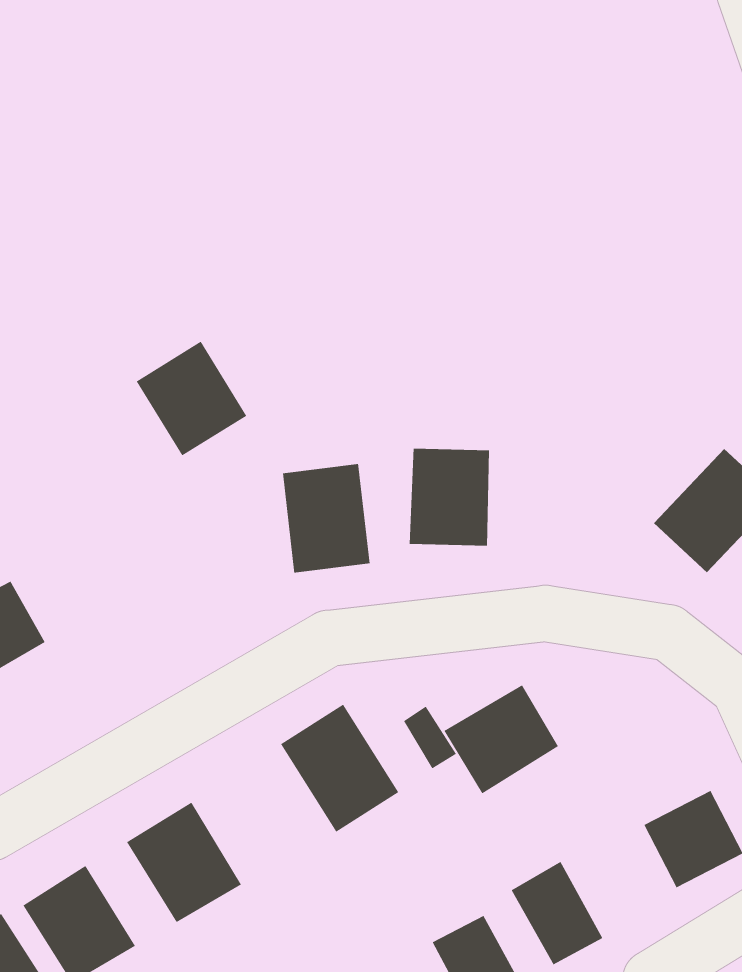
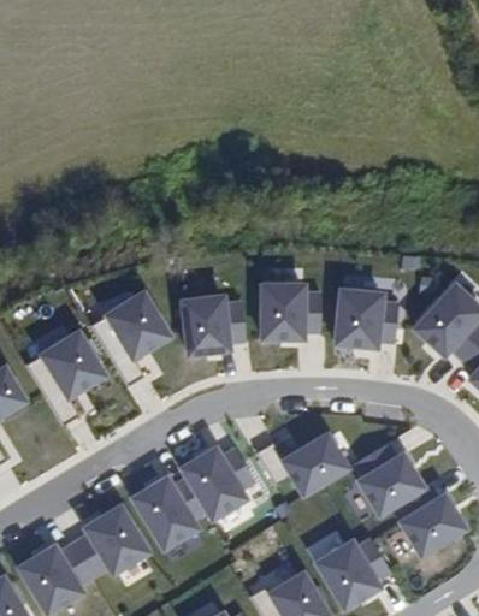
building: [136,341,247,456] -> [104,289,173,361]
building: none -> [331,286,385,353]
building: none -> [36,327,111,404]
building: none -> [355,450,427,517]
building: none -> [130,474,203,553]

